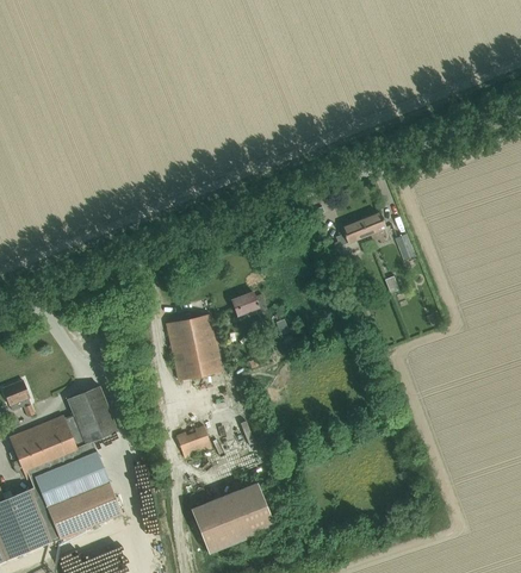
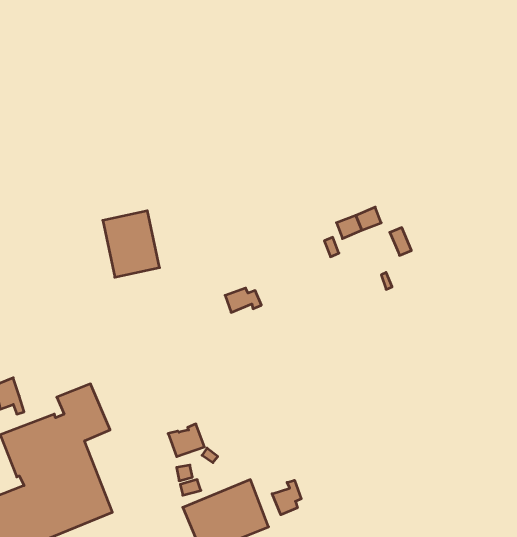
building: [166,314,222,380] -> [103,211,160,277]
building: none -> [272,480,301,515]

